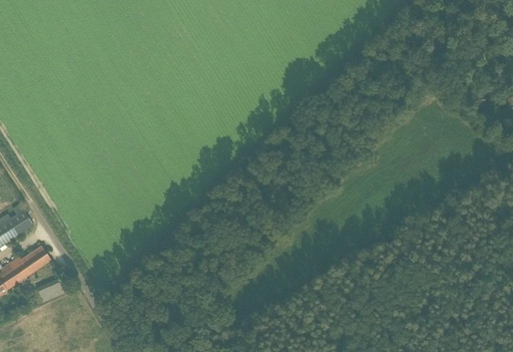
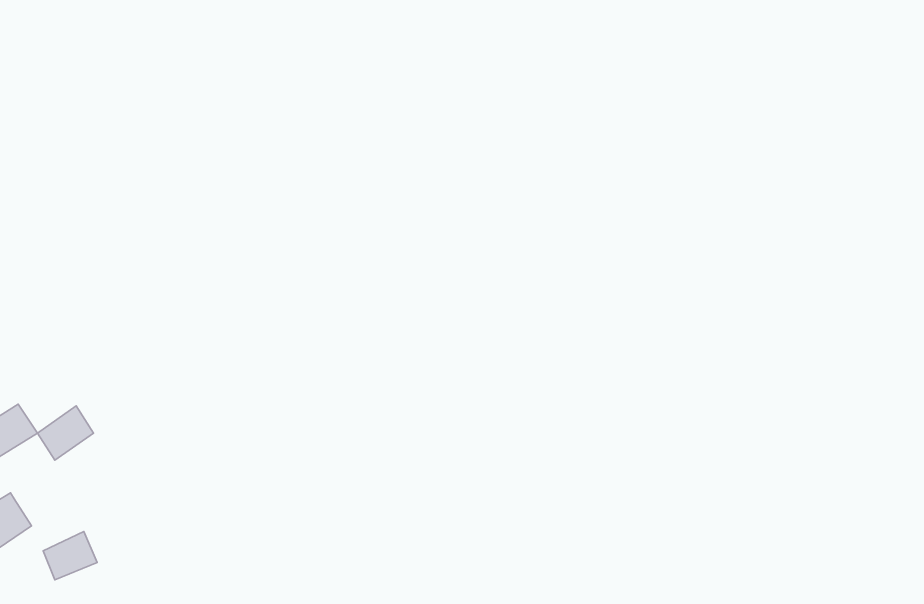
building: [20,246,49,274] -> [37,406,93,460]

